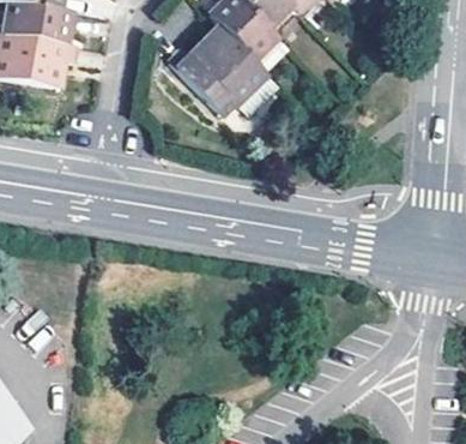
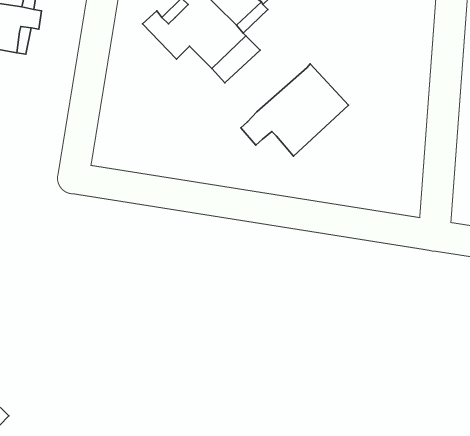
building: none -> [241,64,348,156]

